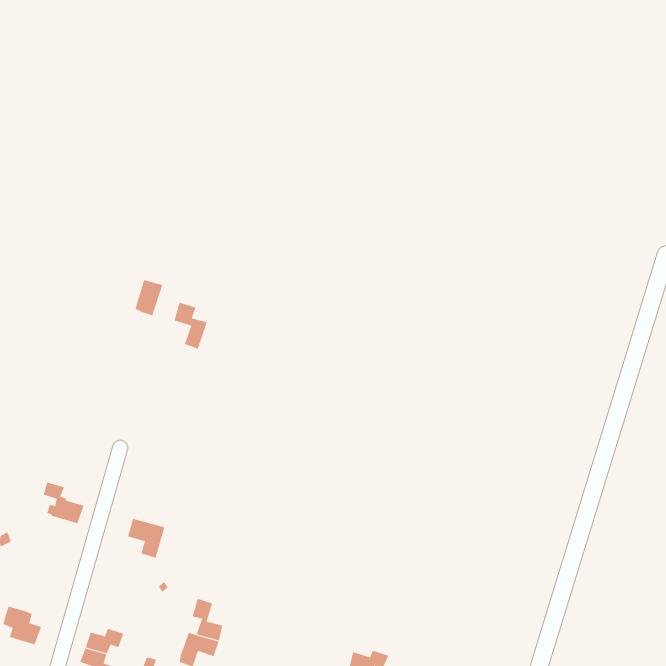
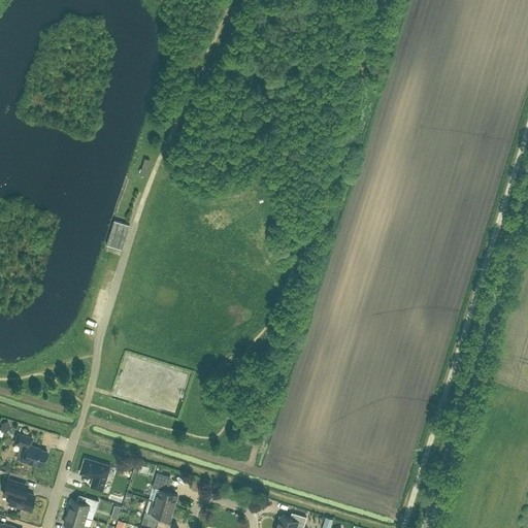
building: [174,302,207,350] -> none
building: [43,482,85,524] -> [13,434,46,467]
building: [127,518,165,559] -> [79,459,109,491]

